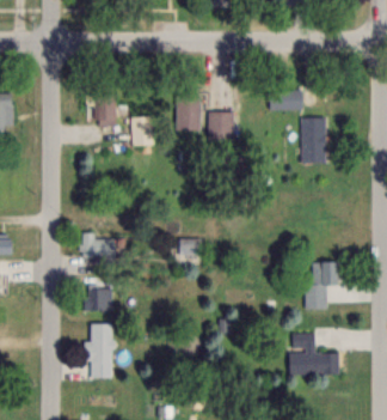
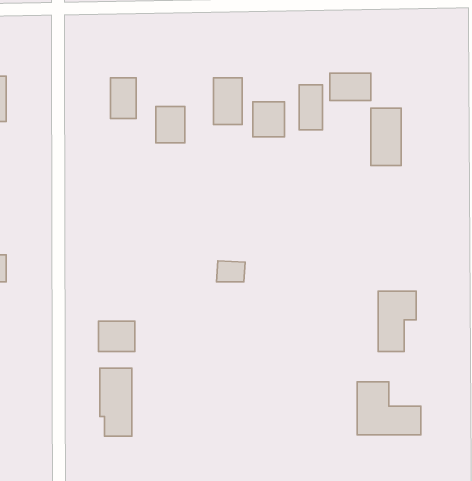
building: none -> [299,85,323,130]
building: [81,235,117,256] -> none

